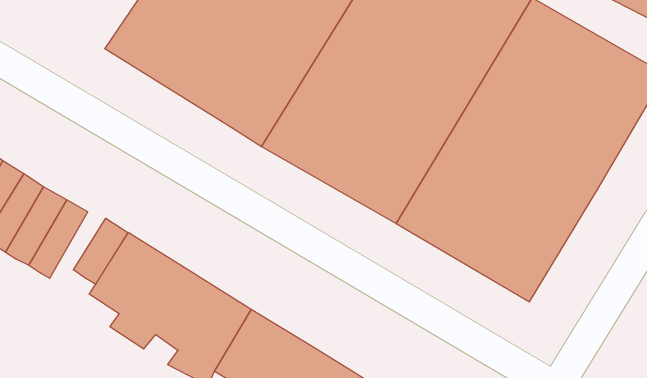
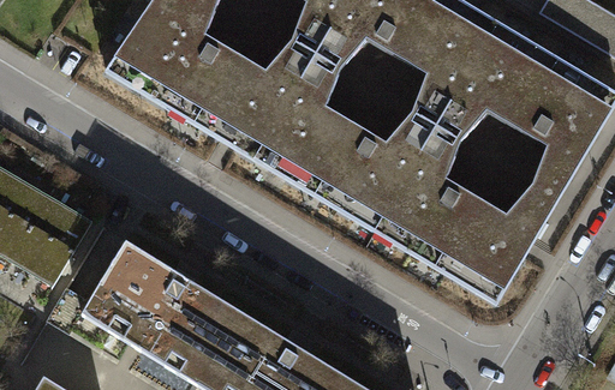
building: [73,218,128,284] -> none

